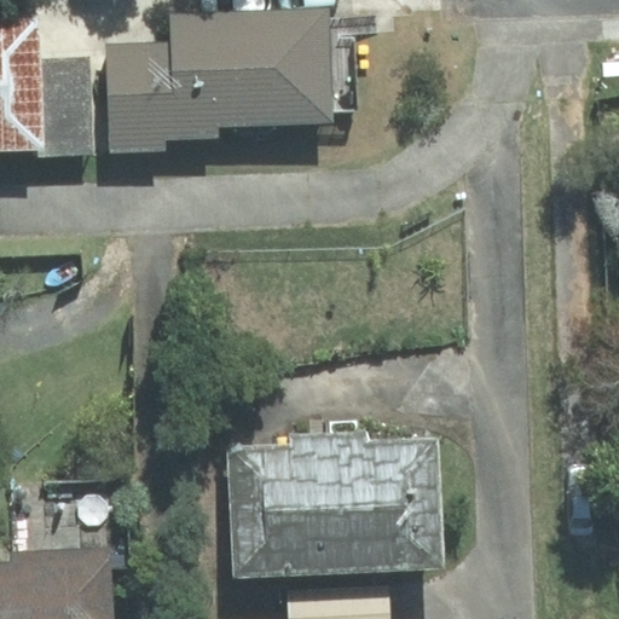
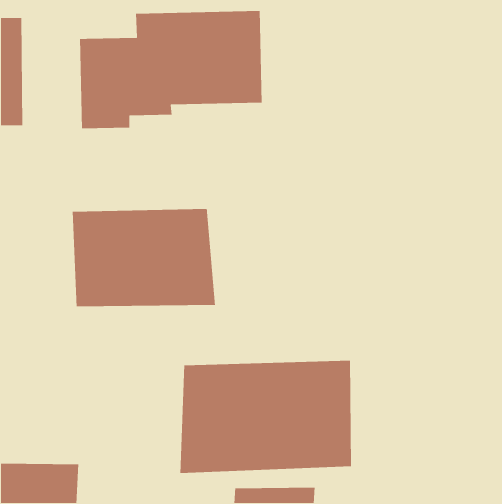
building: none -> [72,208,216,307]

